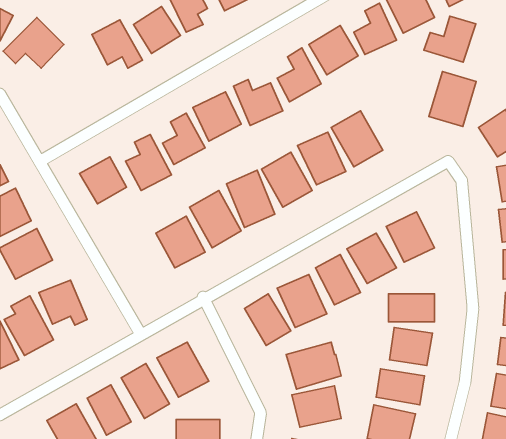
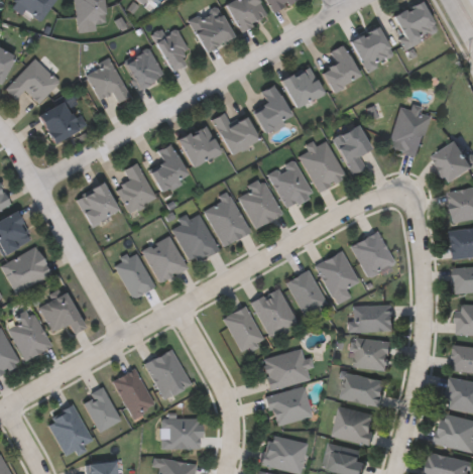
building: [424,16,476,62] -> none
building: none -> [36,102,87,143]
building: none -> [334,126,368,174]
building: none -> [116,254,154,299]

